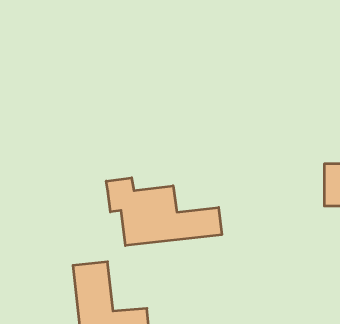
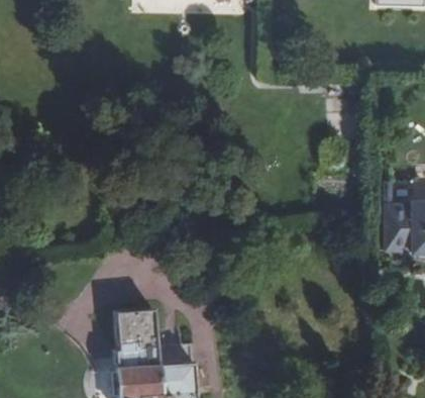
building: [106,178,222,246] -> none

